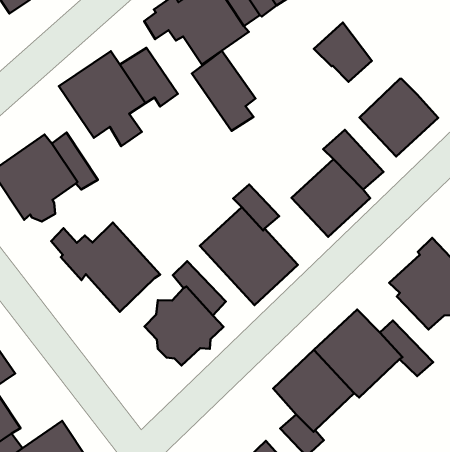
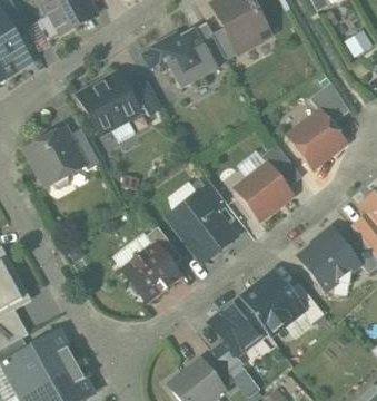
building: [314,23,372,82] -> [308,81,348,124]
building: [192,51,256,131] -> none
building: [51,223,160,312] -> none

